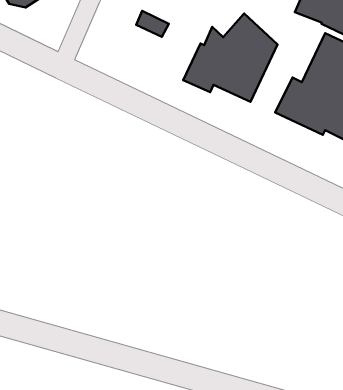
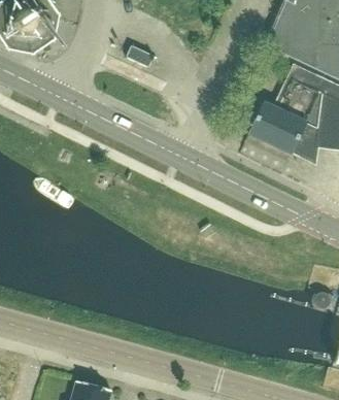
building: [183,14,277,102] -> none

